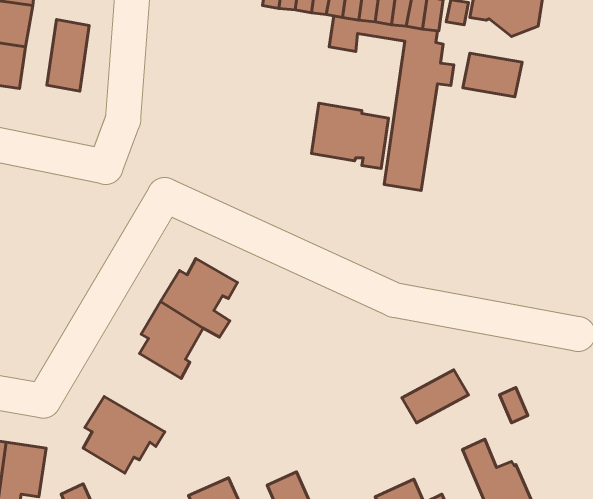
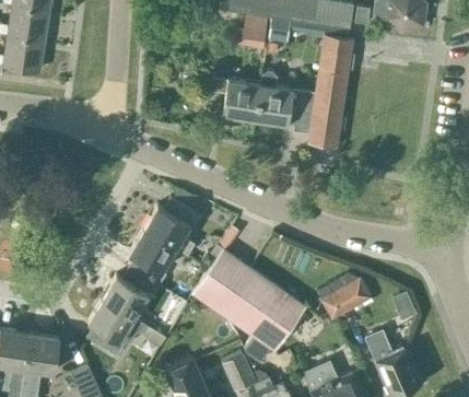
building: none -> [233,16,267,49]
building: [47,20,89,91] -> none
building: [463,53,522,97] -> none
building: none -> [207,75,260,119]
building: none -> [192,248,305,363]
building: none -> [102,267,159,325]

